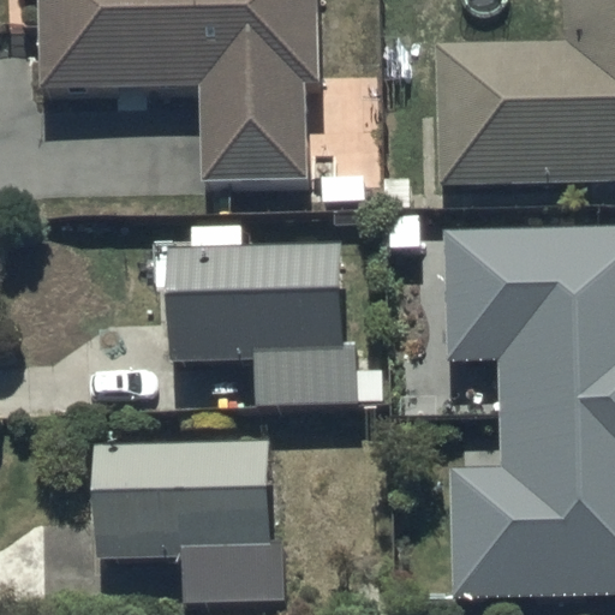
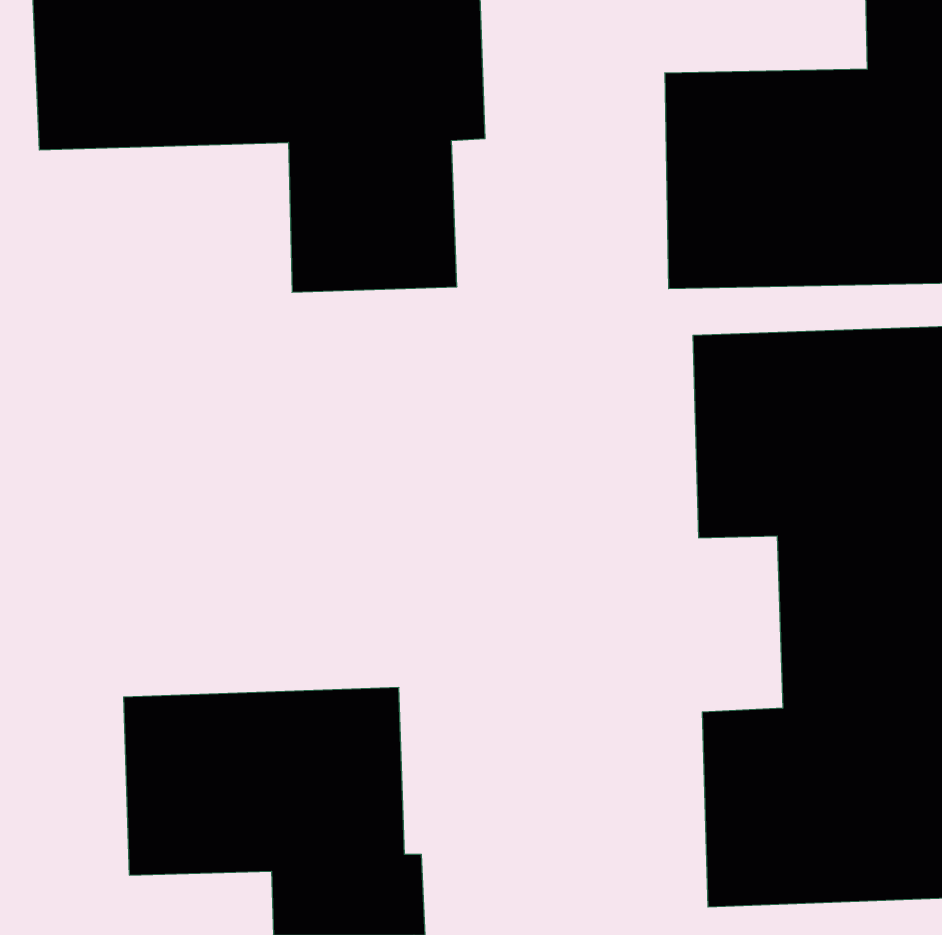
building: [169,225,354,406] -> none

